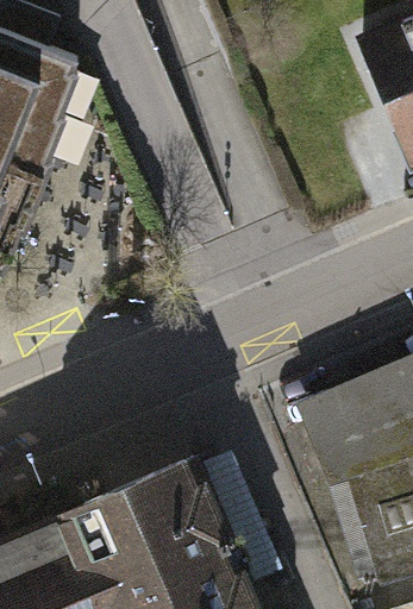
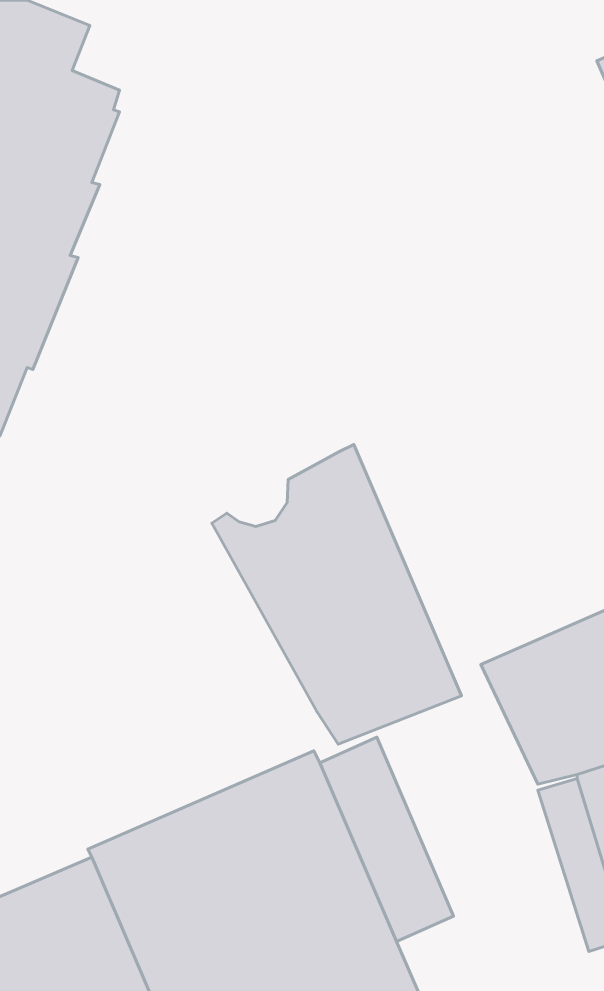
building: none -> [212,444,461,744]

